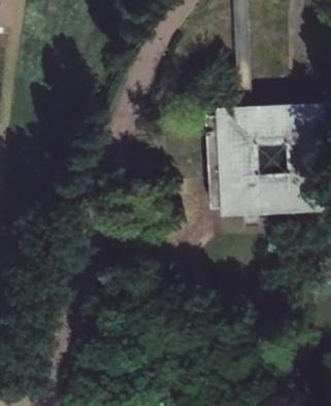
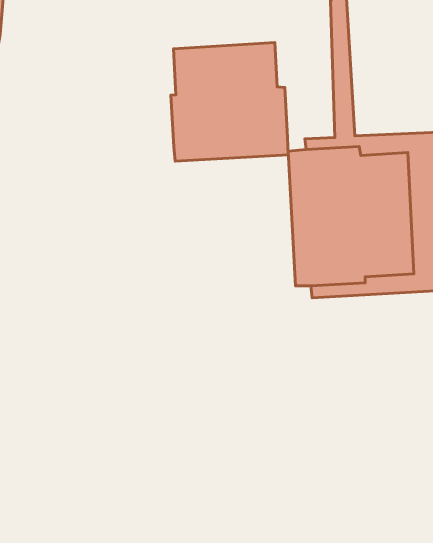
building: none -> [171,42,288,161]

